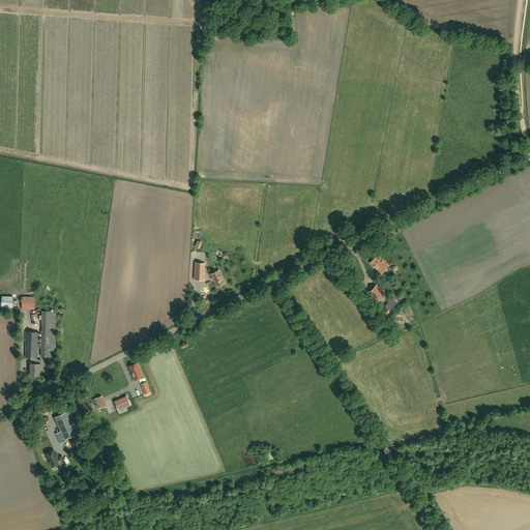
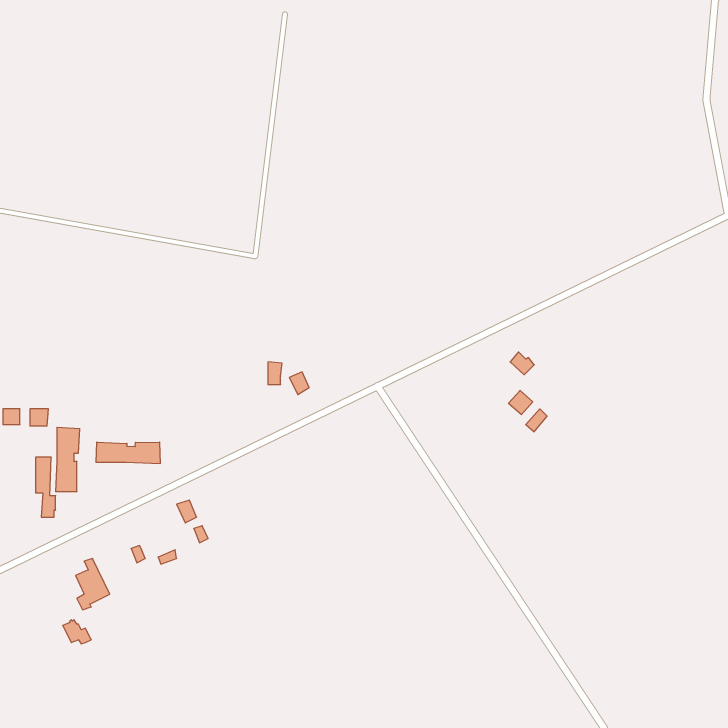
building: none -> [96,442,160,464]

